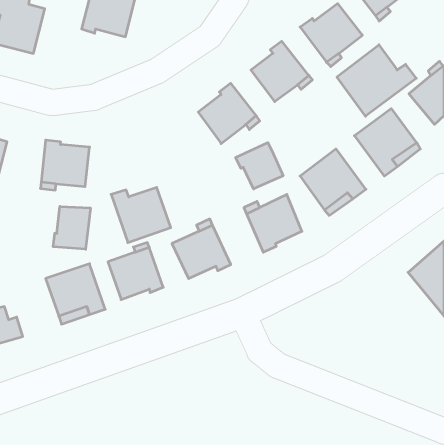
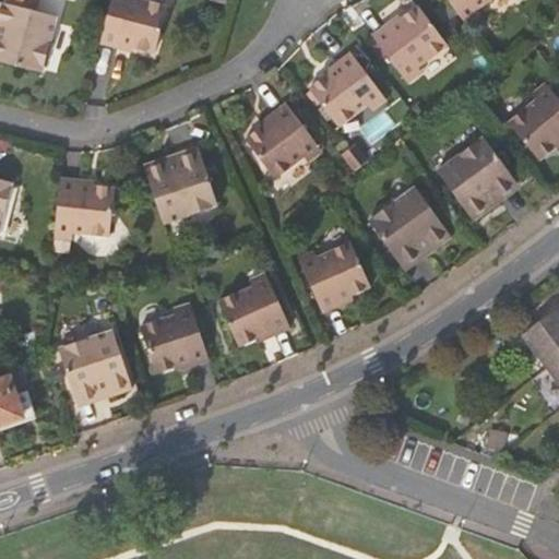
building: [337,45,416,116] -> none
building: [236,143,283,189] -> none
building: [111,187,171,243] -> [138,153,212,222]
building: [53,206,90,249] -> none

